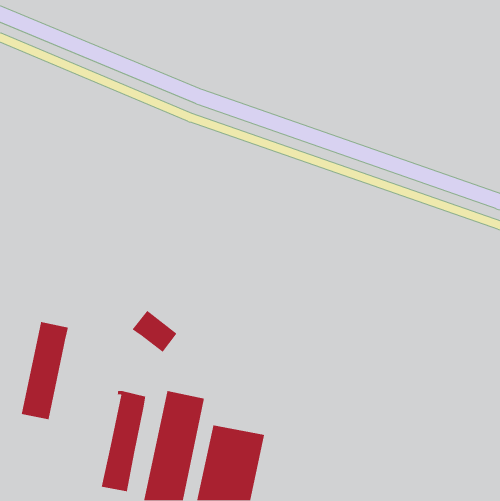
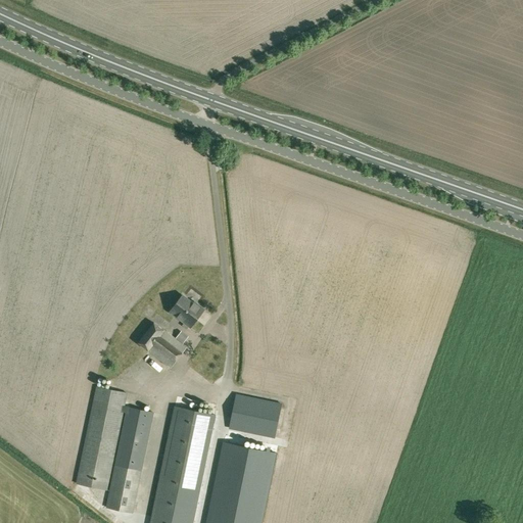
building: none -> [170,295,203,327]
building: [21,321,69,420] -> [76,387,126,490]
building: none -> [228,394,281,436]

